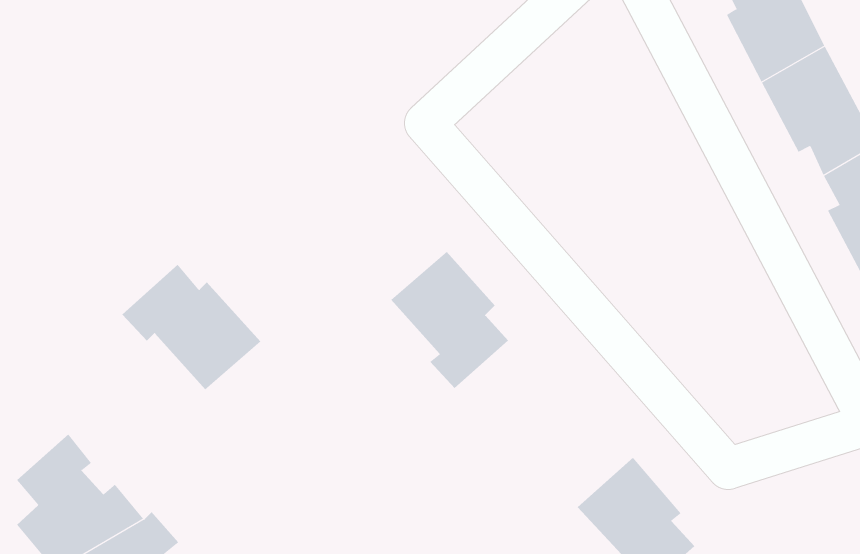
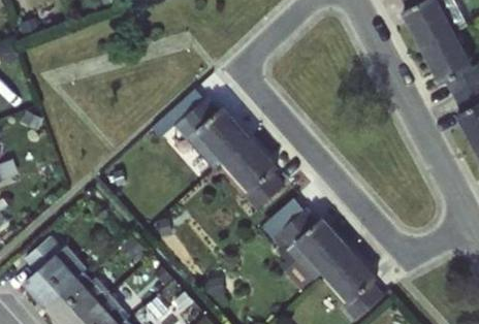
building: [122,264,261,390] -> [178,97,252,164]
building: none -> [262,197,351,283]

